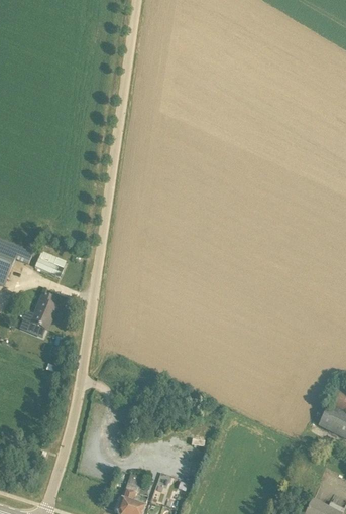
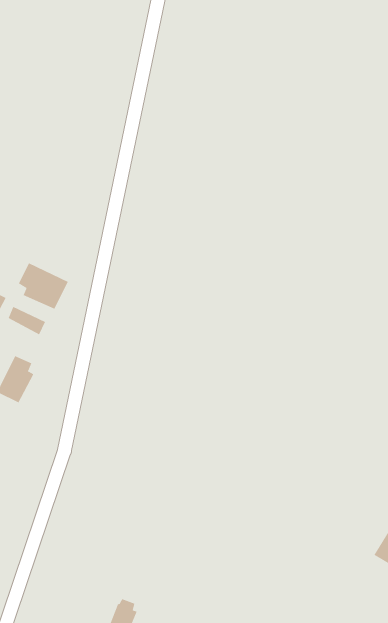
building: none -> [18,263,68,310]

